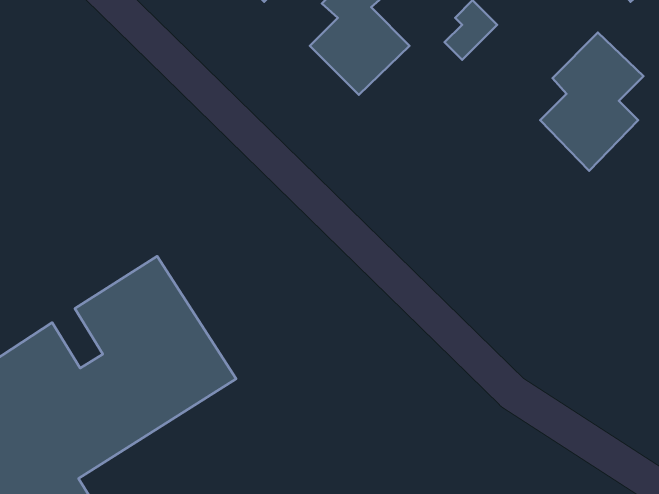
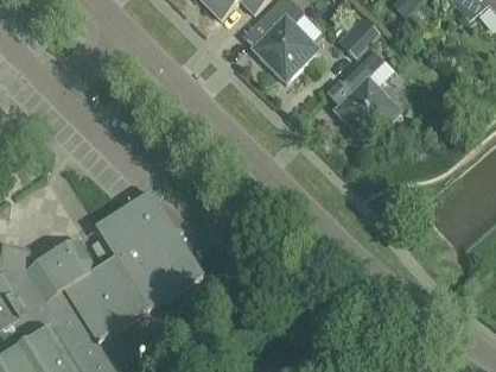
building: [540,33,644,171] -> [335,50,405,144]

